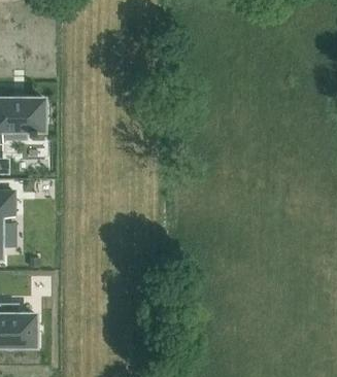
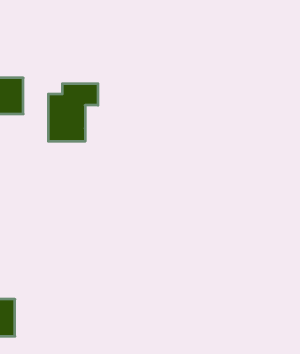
building: none -> [48,84,98,141]

